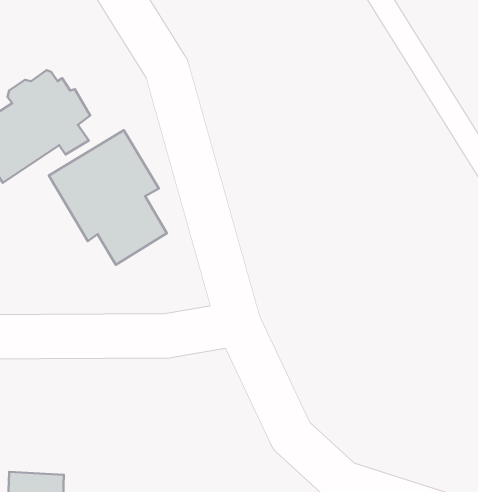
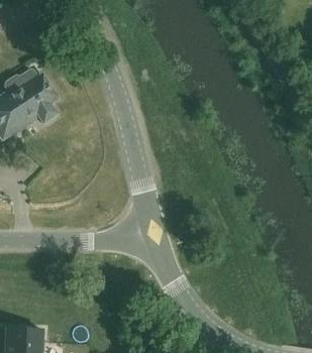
building: [49,130,167,265] -> none

